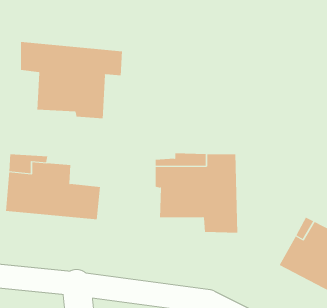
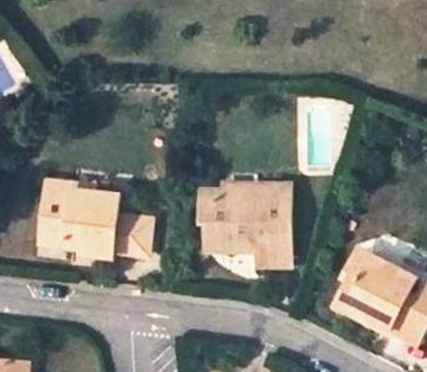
building: [20,41,122,119] -> none

